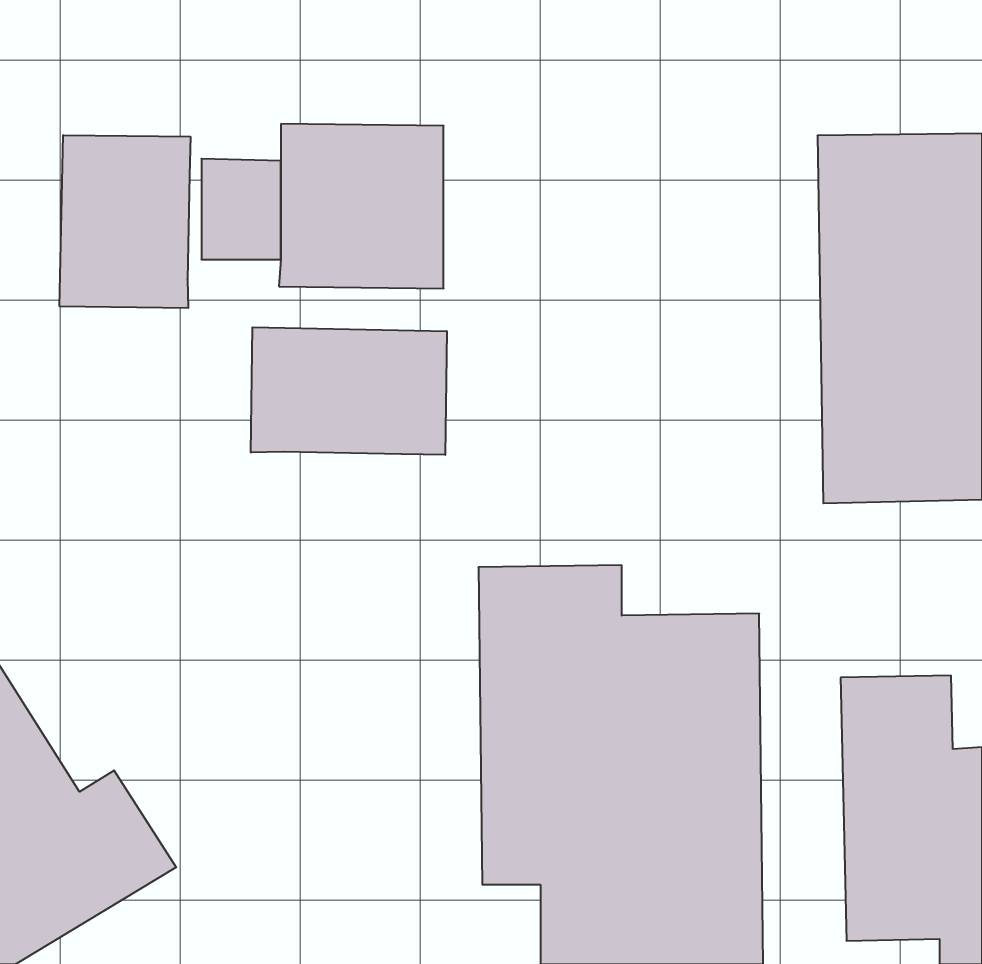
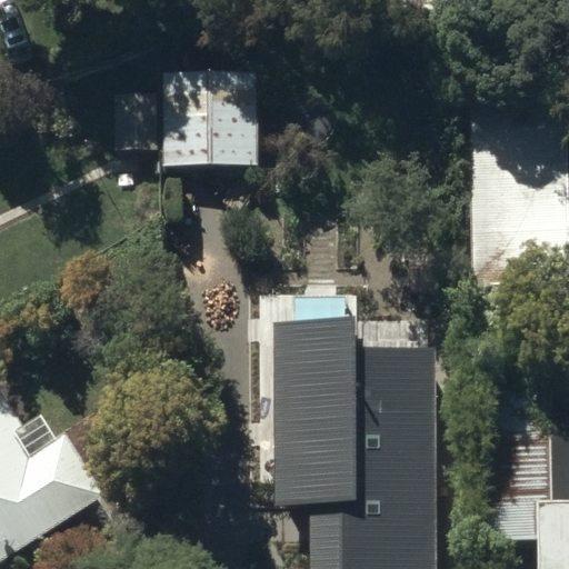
building: [60,135,190,308] -> none
building: [251,327,447,455] -> none

